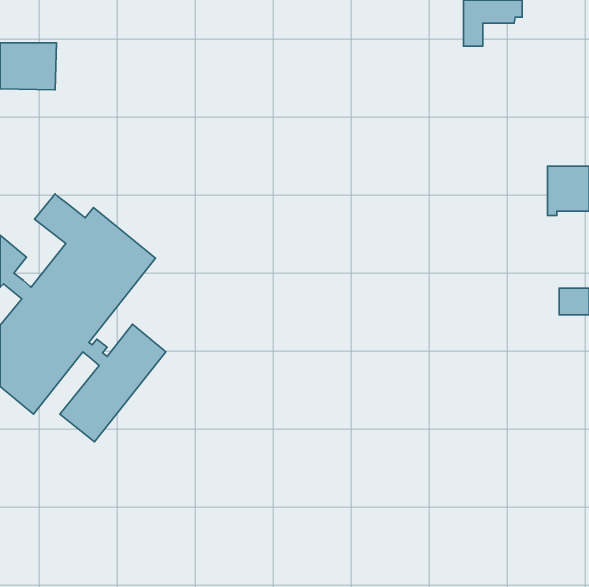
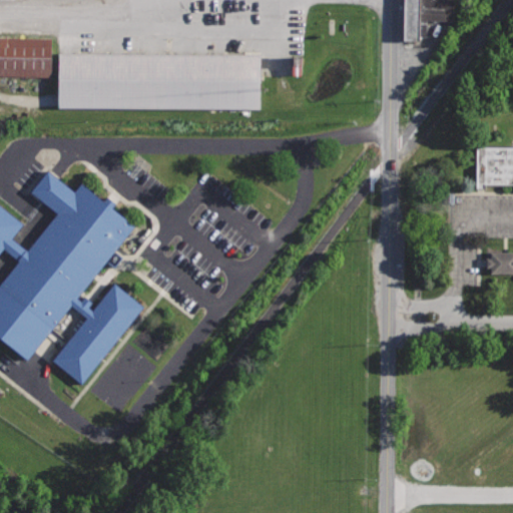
building: none -> [58,53,261,109]

